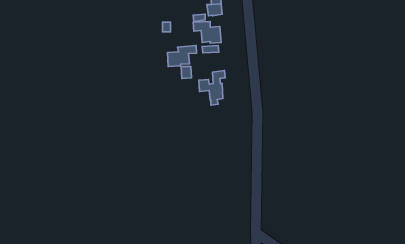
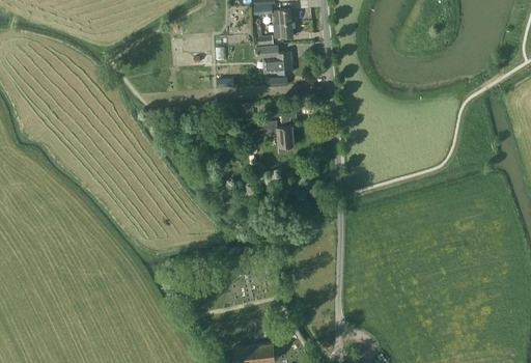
building: [168,45,197,67] -> none

